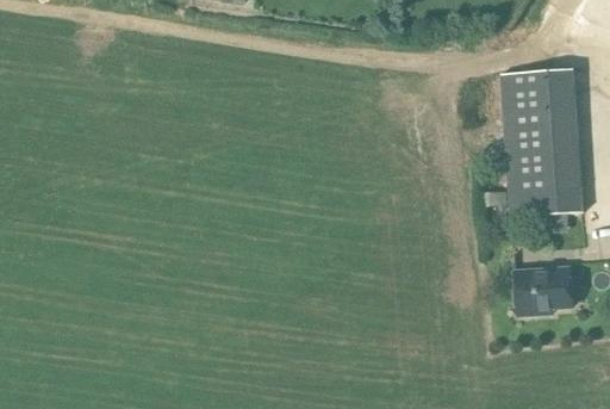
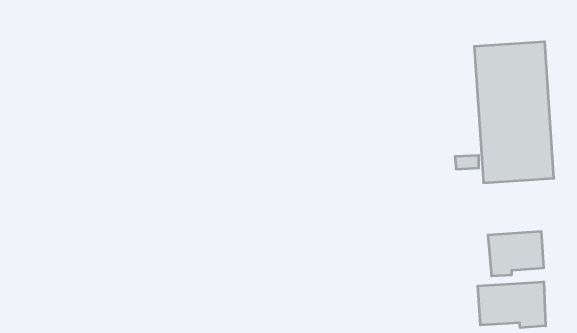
building: none -> [478,282,546,328]

